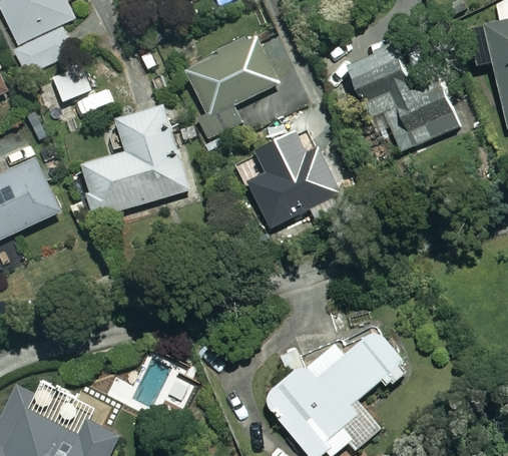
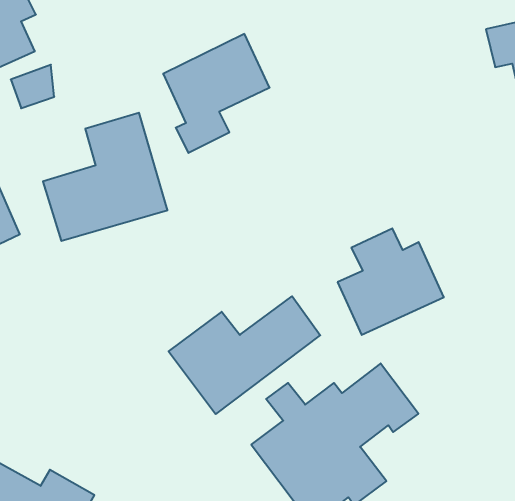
building: [348,35,458,150] -> none
building: [246,134,340,227] -> [338,228,444,335]
building: none -> [169,296,320,414]

